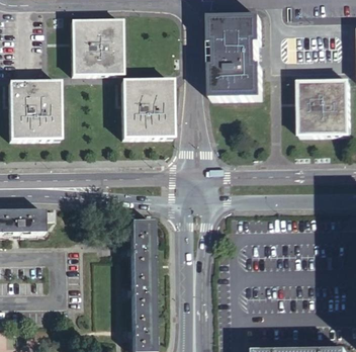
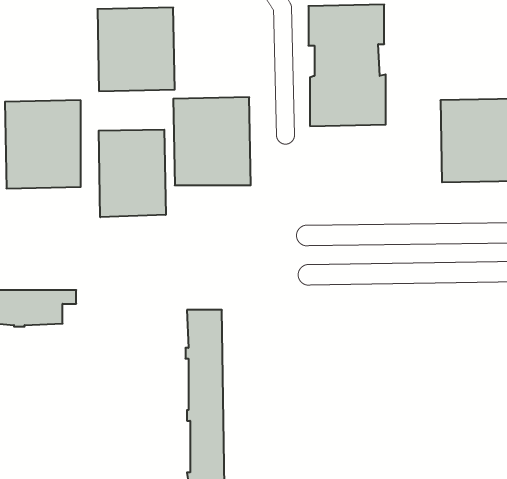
building: none -> [99,130,166,217]

